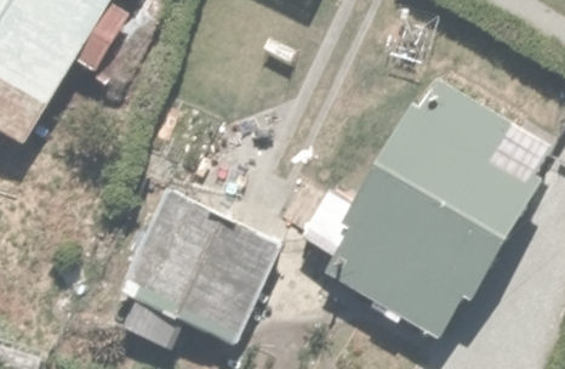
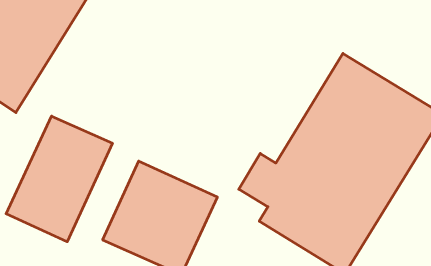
building: none -> [6,116,112,242]

